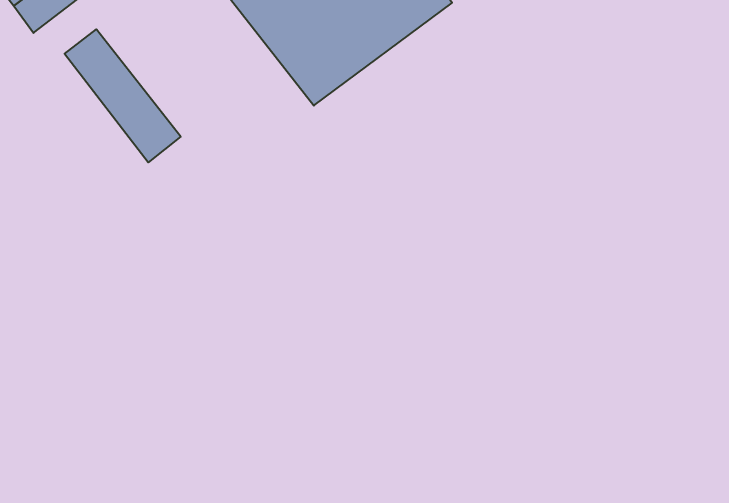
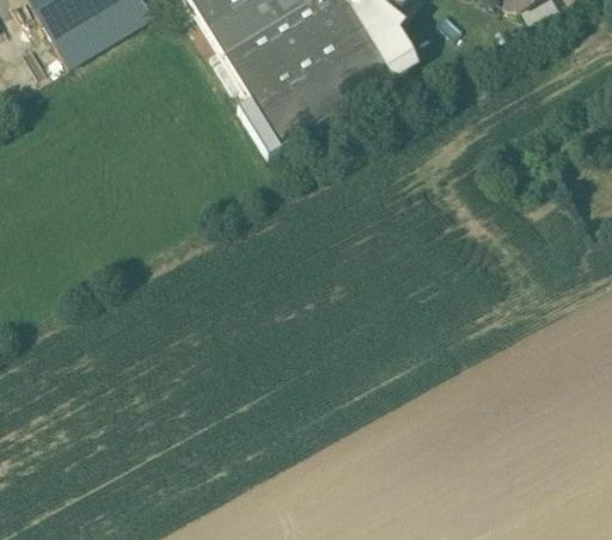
building: [65,29,181,162] -> none

